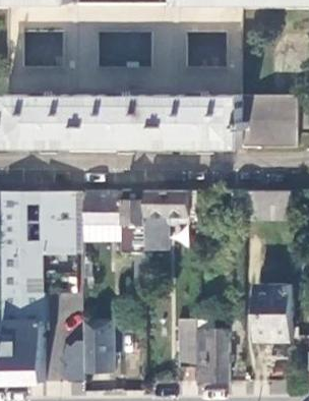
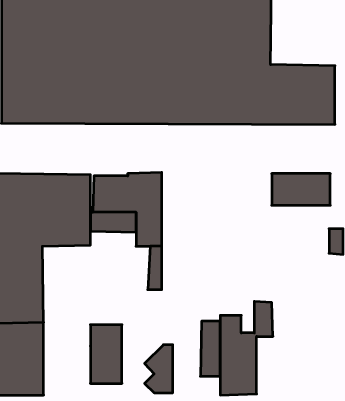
building: [145,190,196,251] -> none
building: [255,285,291,343] -> none
building: [59,341,83,383] -> [145,345,173,393]

